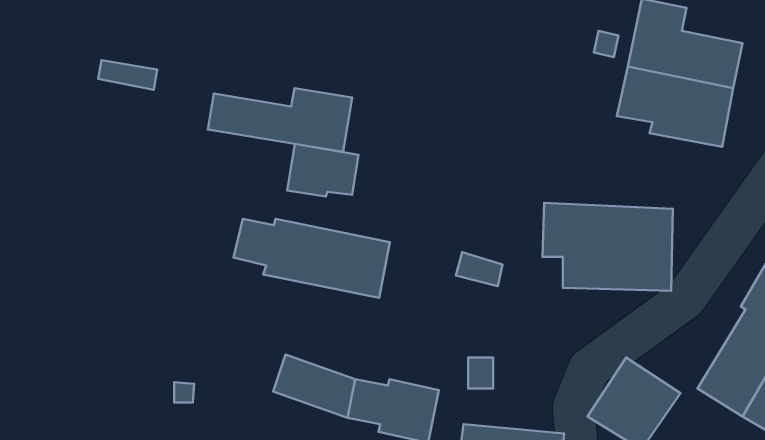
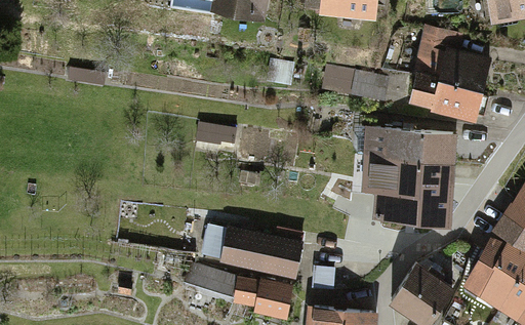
building: none -> [324,68,390,103]
building: [208,88,352,152] -> none
building: none -> [363,131,449,165]
building: [234,219,390,298] -> [200,226,304,278]

